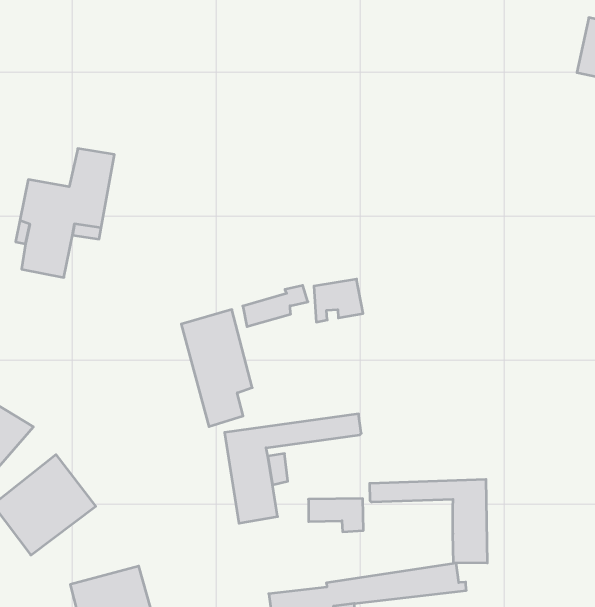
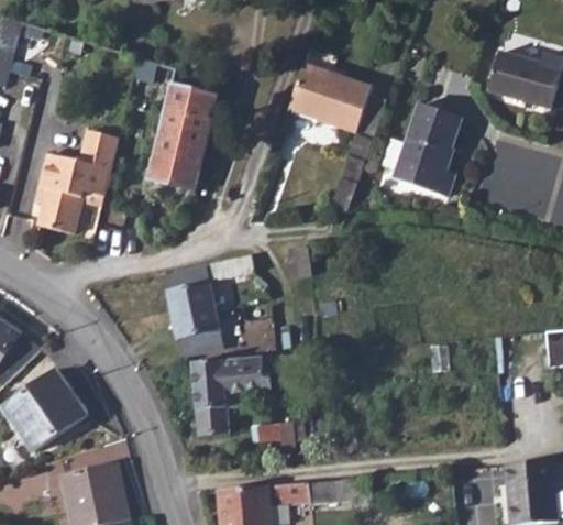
building: none -> [286,64,384,214]
building: none -> [147,84,219,192]
building: none -> [389,105,459,197]
building: [370,479,487,563] -> none

